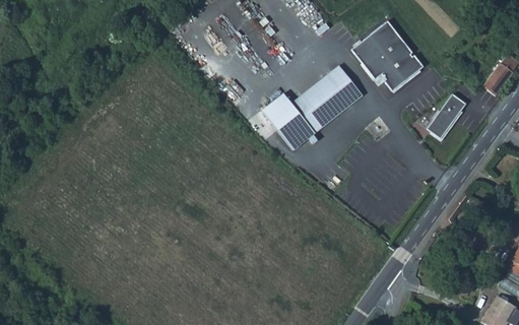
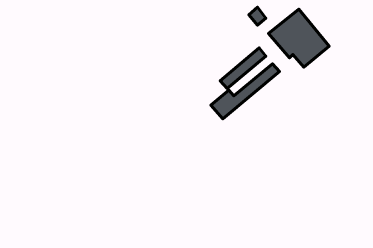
building: [263,77,355,136] -> none
building: [428,93,467,138] -> none

